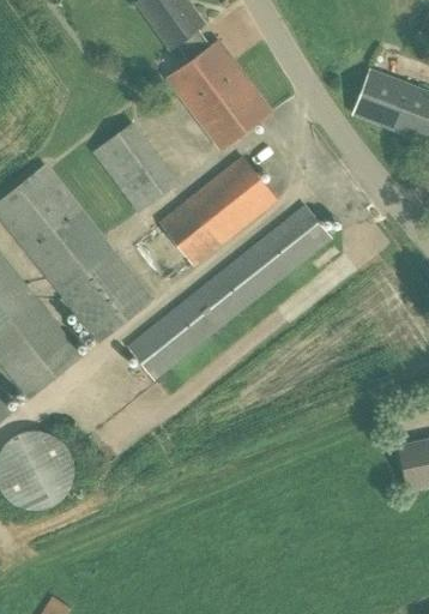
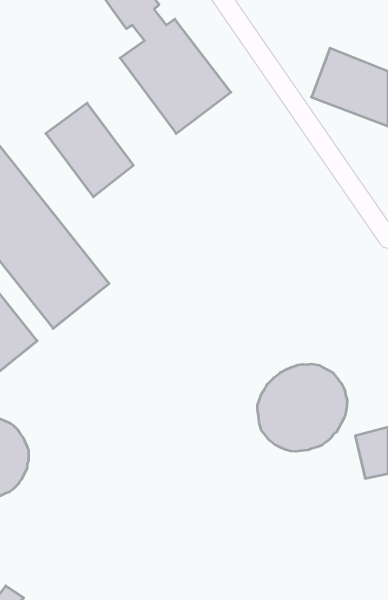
building: [158,155,277,266] -> none
building: [126,204,332,381] -> none
building: none -> [258,364,347,451]

